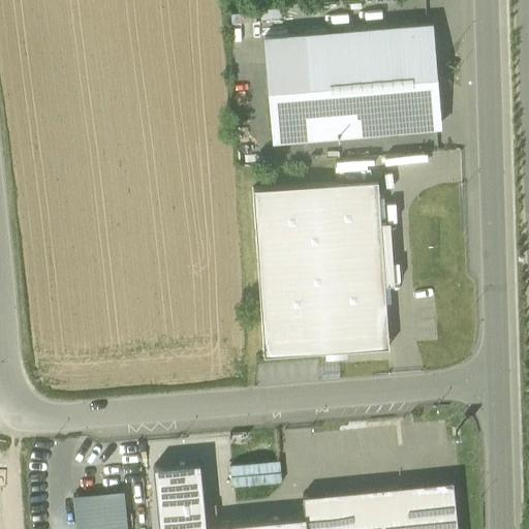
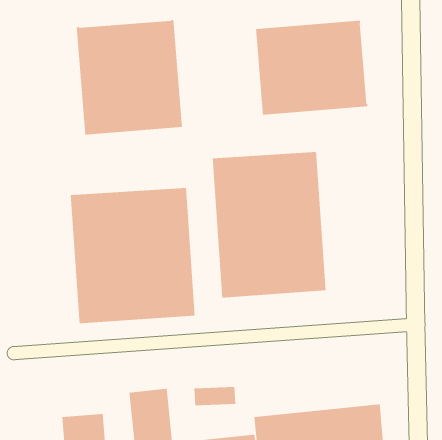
building: none -> [76,19,183,136]
building: [266,38,314,145] -> none
building: none -> [70,187,196,324]

